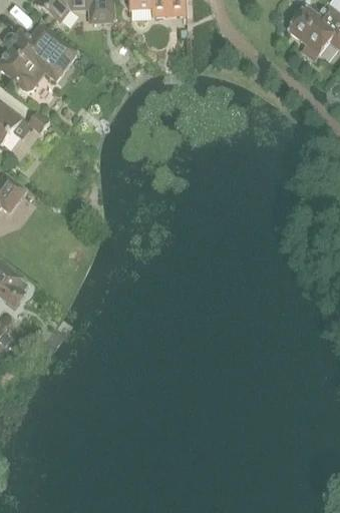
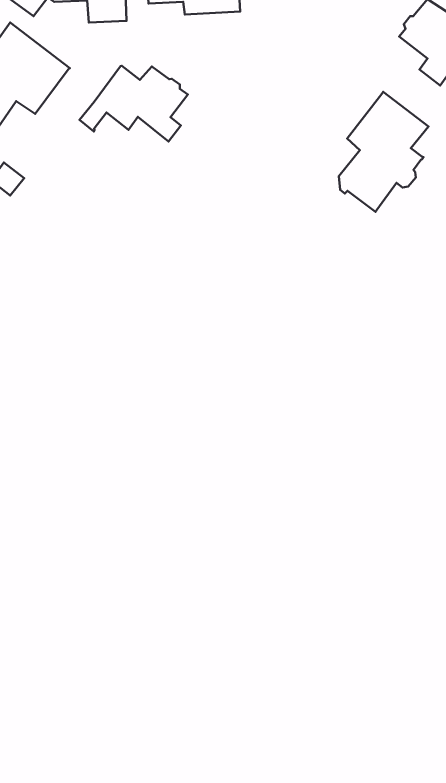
building: none -> [79,66,188,142]
building: none -> [339,92,428,212]

